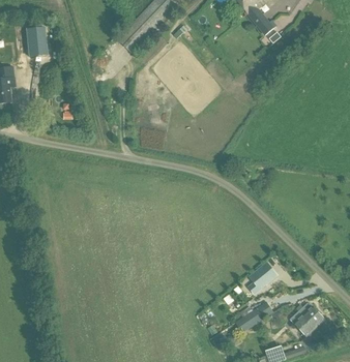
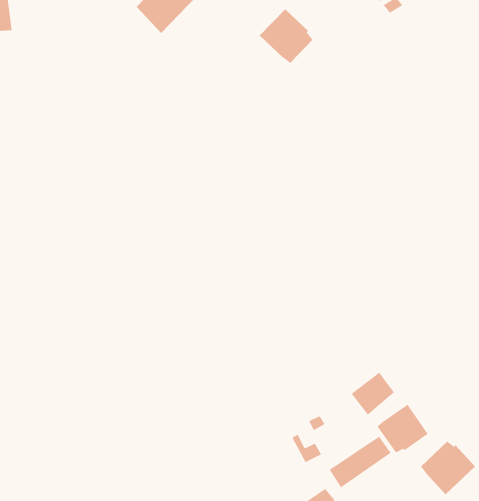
building: none -> [259,8,313,64]
building: none -> [377,404,429,453]

